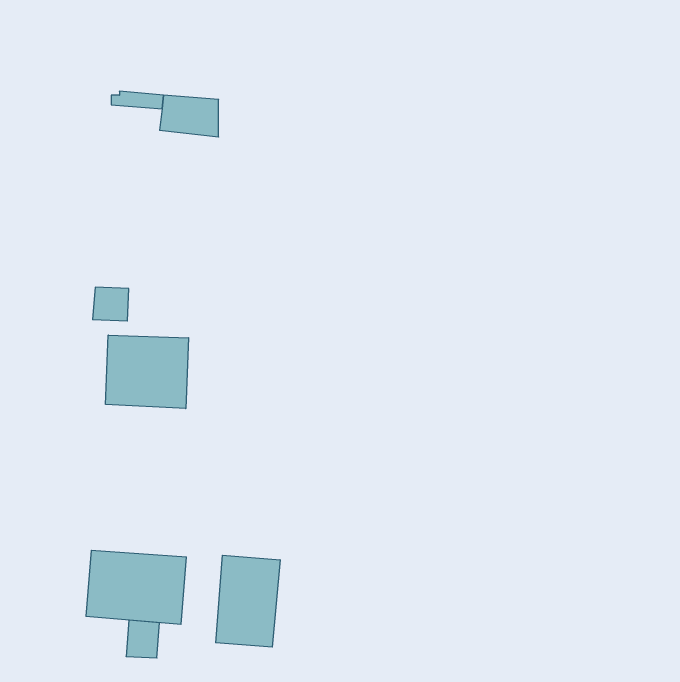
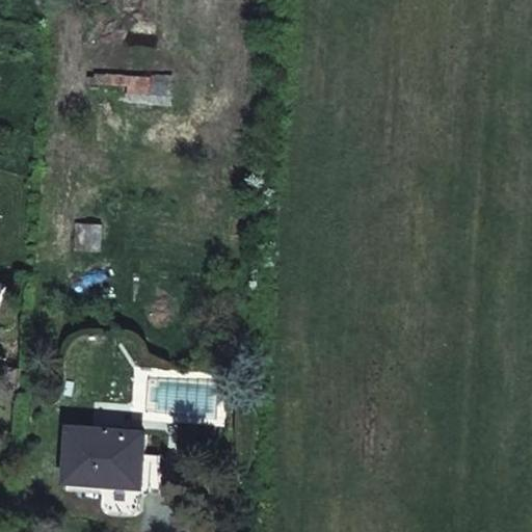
building: [106,335,189,409] -> none
building: [216,555,280,647] -> none

